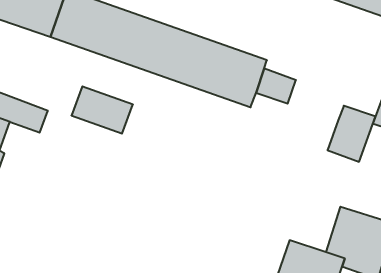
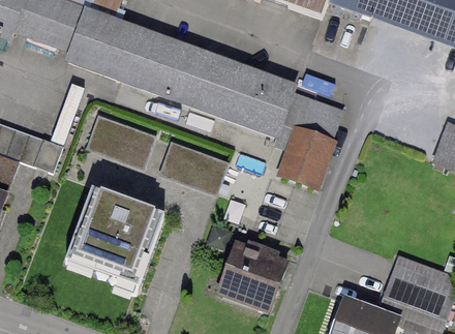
building: [327,106,375,162] -> [281,125,336,189]
building: none -> [161,143,235,194]
building: none -> [70,189,160,286]
building: none -> [214,234,290,317]

